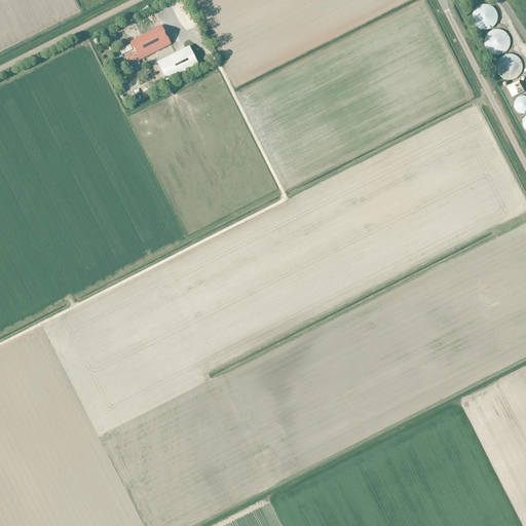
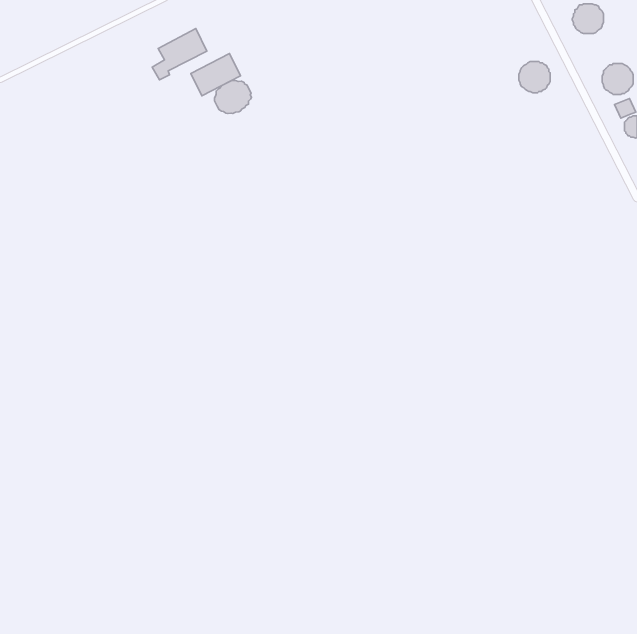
building: [484,28,510,53] -> [519,62,550,93]
building: none -> [214,81,251,114]

